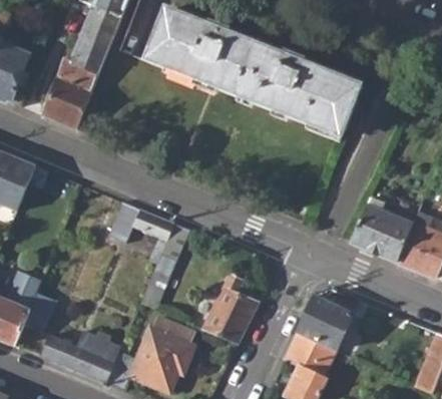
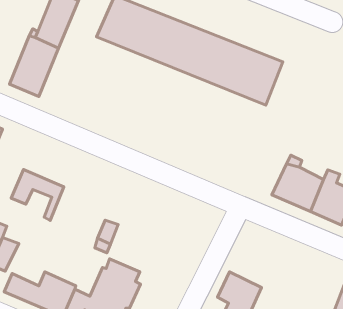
building: [113,204,174,263] -> [11,170,64,221]
building: [203,275,257,344] -> none
building: [299,294,359,349] -> none

